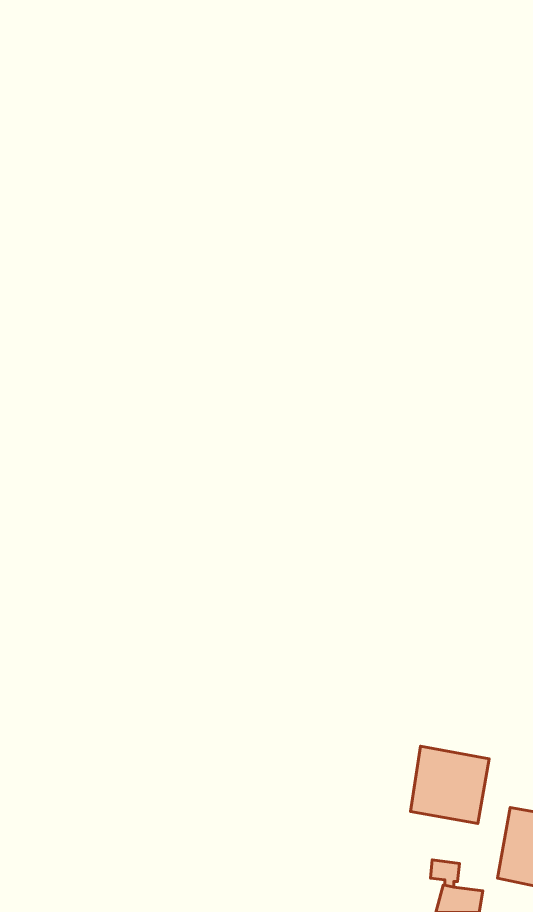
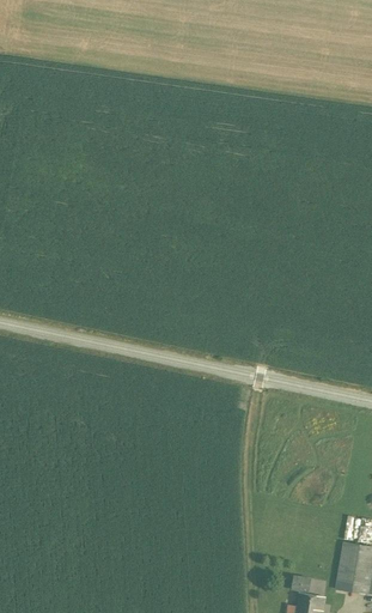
building: [411,746,489,823] -> none

